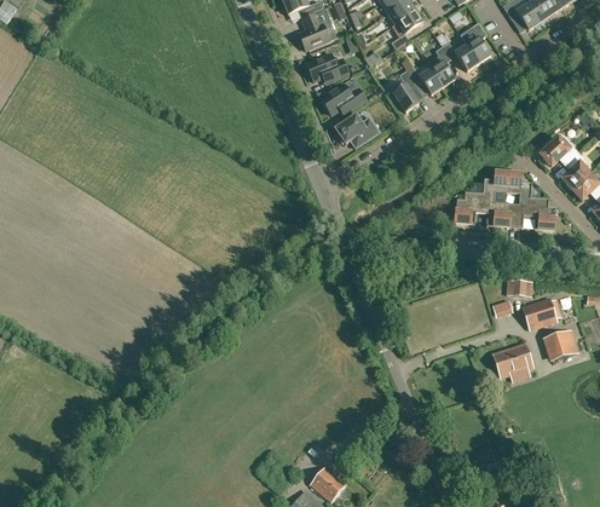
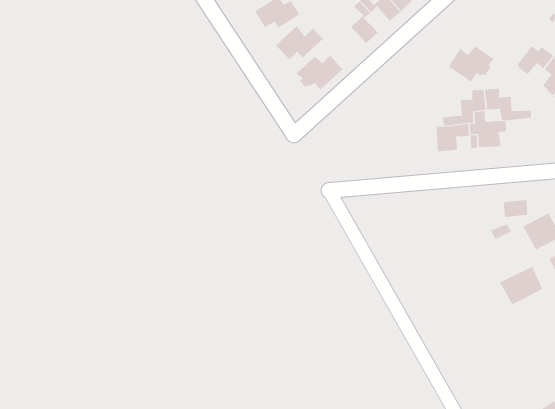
building: none -> [448,45,495,82]
building: [515,204,555,230] -> none

